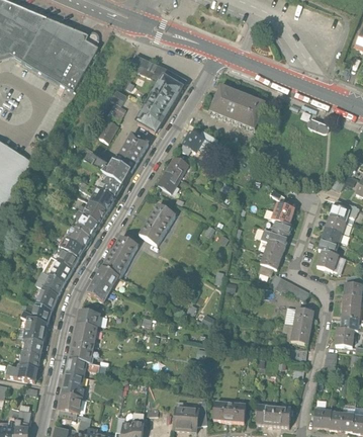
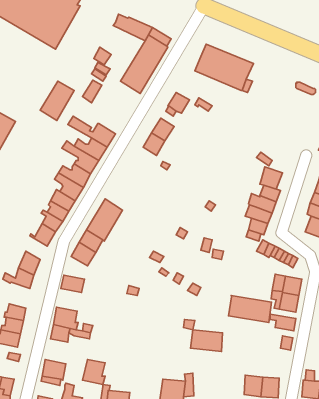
building: [114,130,148,169] -> [40,81,74,121]
building: [140,202,175,244] -> none
building: [35,267,64,292] -> none
building: [23,315,47,340] -> none
building: [73,321,97,343] -> none
building: none -> [229,295,272,322]
building: [62,370,84,395] -> [82,360,105,384]
building: [214,403,246,424] -> [191,330,223,351]

